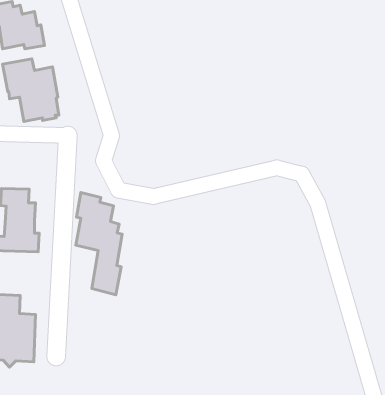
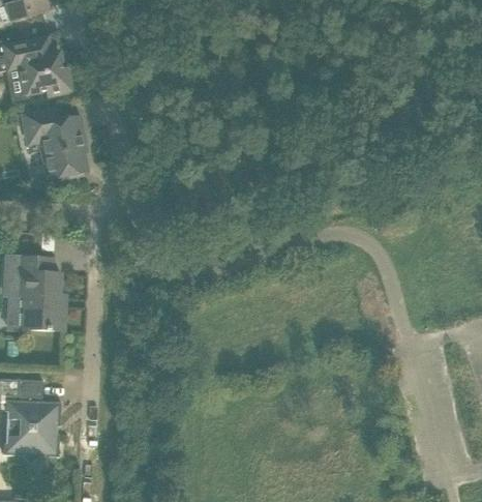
building: [76,192,122,295] -> none

